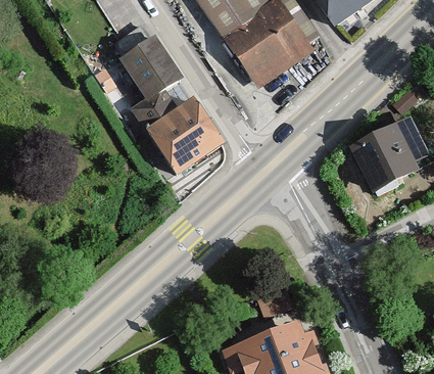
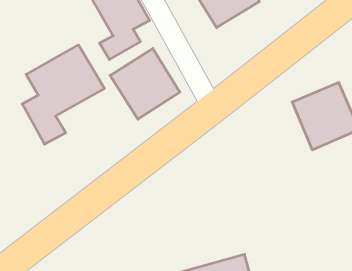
building: none -> [22,45,104,144]

